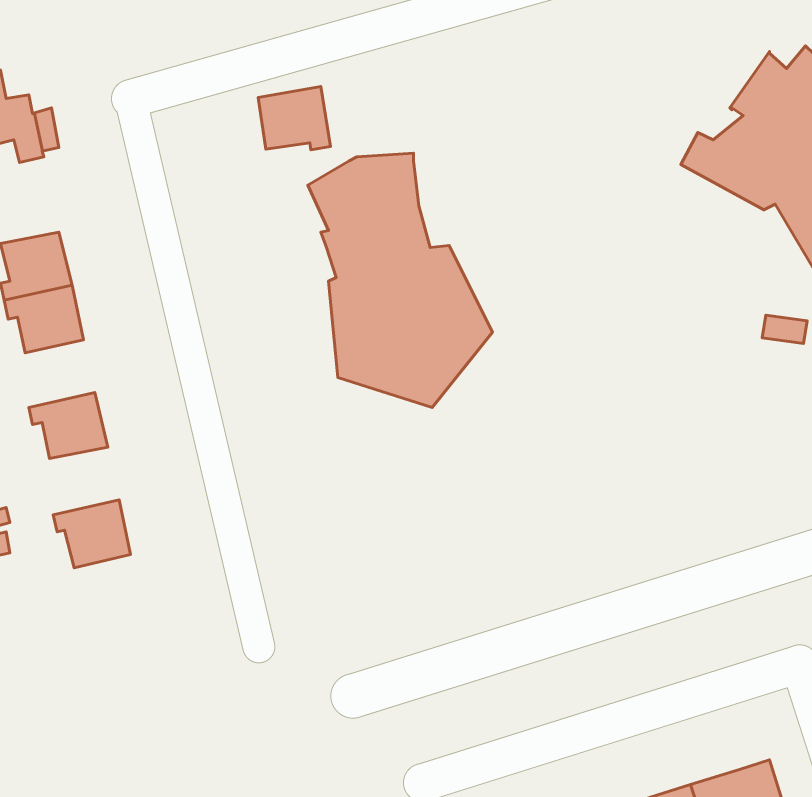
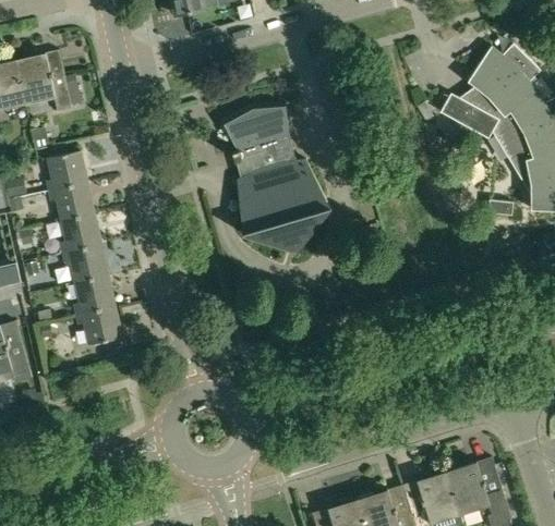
building: [258,87,330,150] -> none
building: none -> [61,213,101,253]
building: none -> [74,276,116,315]

